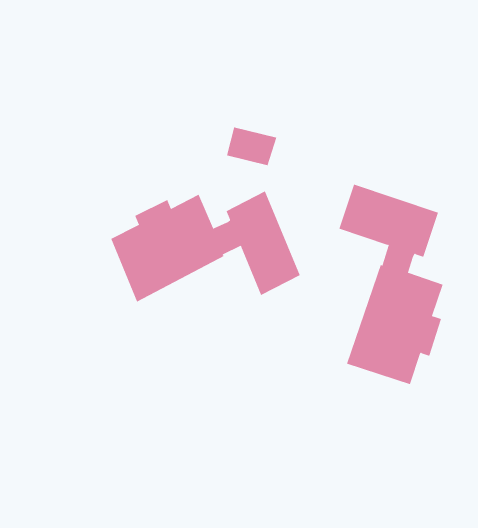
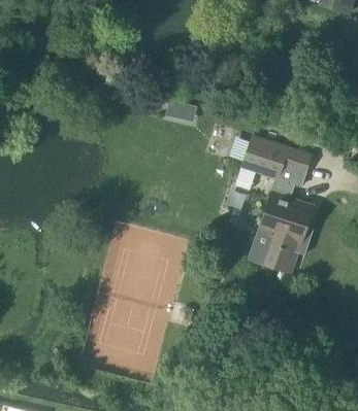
building: [111,191,301,303] -> none

